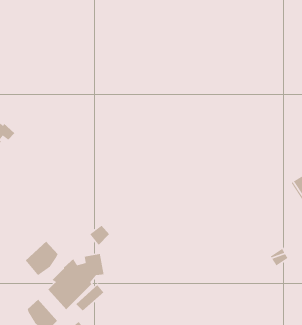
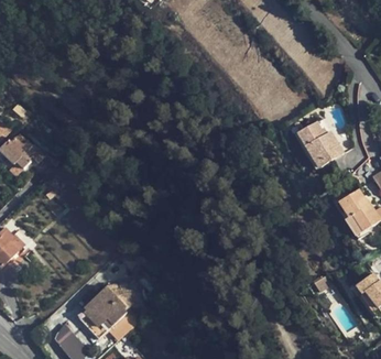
building: none -> [295,123,344,171]
building: [25,241,58,276] -> none

